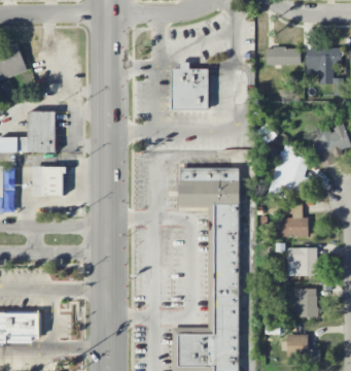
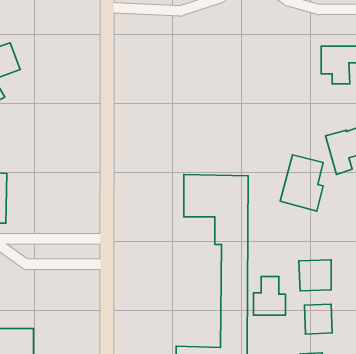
building: [266,47,301,65] -> none
building: [171,63,208,110] -> none
building: [16,111,56,154] -> none
building: [32,167,64,196] -> none
building: [278,201,308,237] -> [253,276,286,315]

